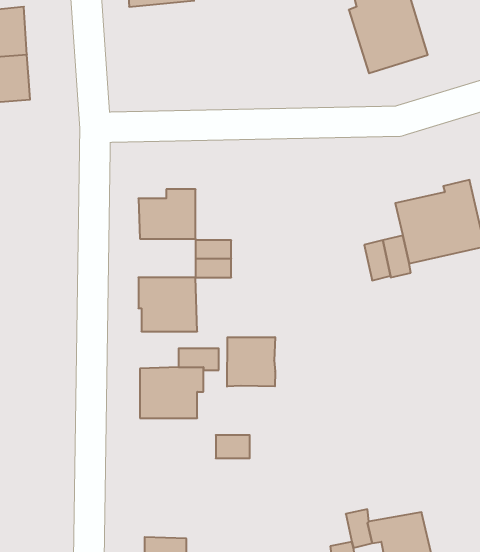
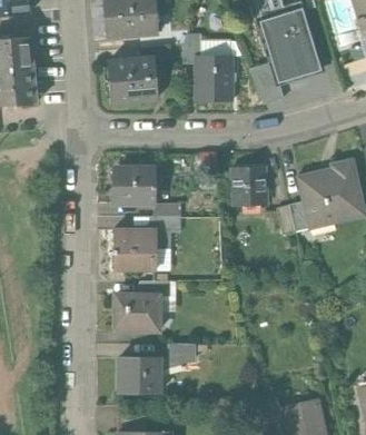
building: none -> [197,56,233,100]
building: none -> [110,58,157,102]
building: none -> [233,167,266,207]
building: [227,337,275,387] -> none
building: none -> [117,358,159,393]

